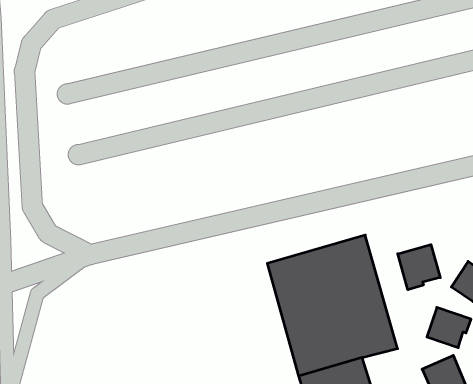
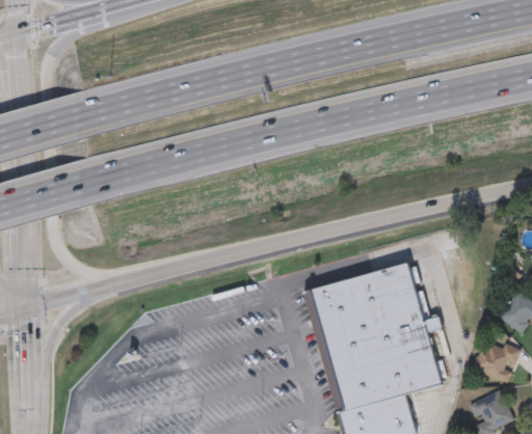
building: [398,245,440,290] -> none

